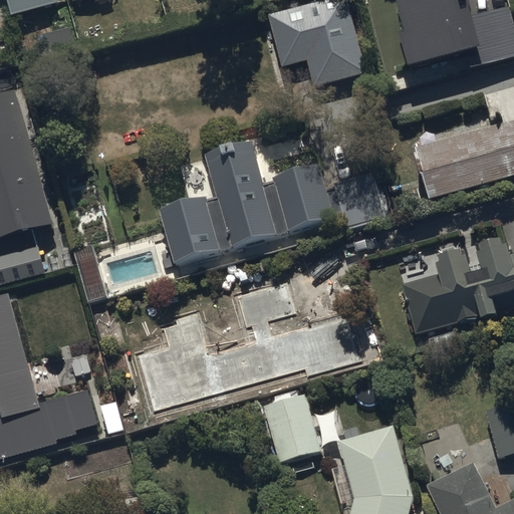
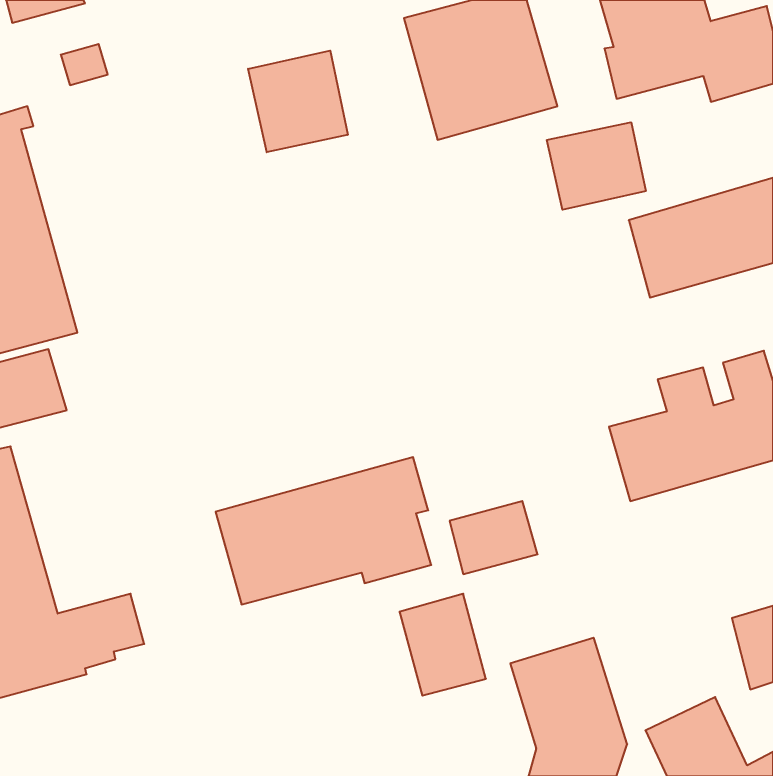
building: none -> [248,51,348,152]
building: none -> [547,122,646,210]
building: [160,142,383,266] -> none

